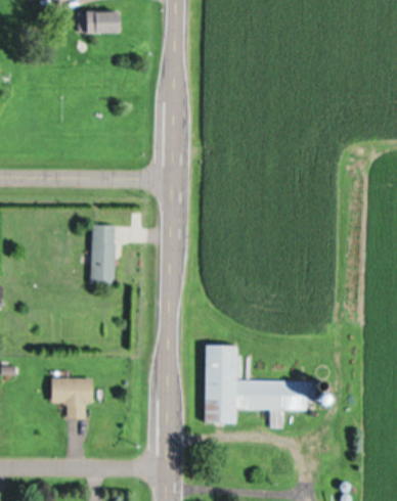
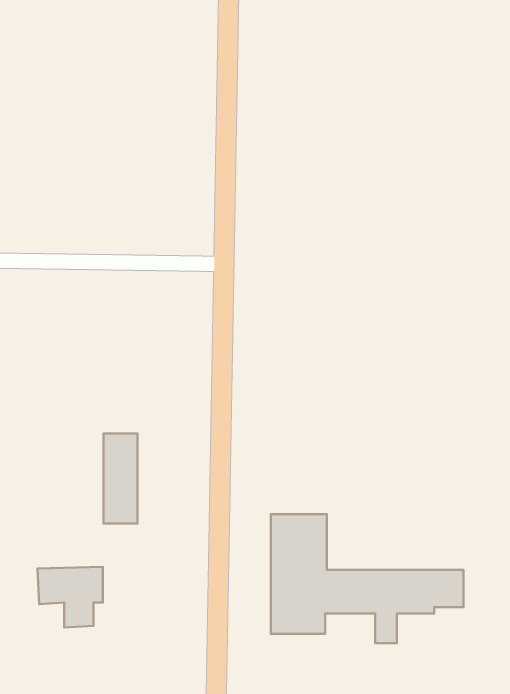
building: [79,12,124,35] -> none
building: [92,226,115,285] -> [103,433,138,524]

